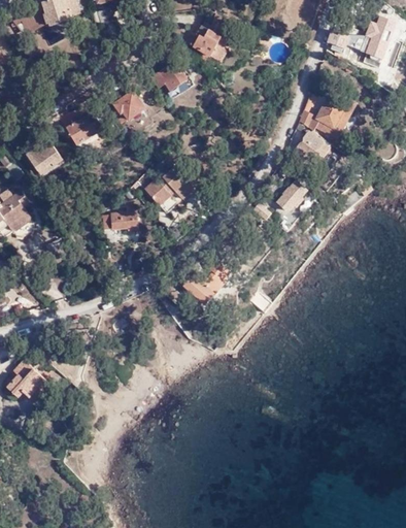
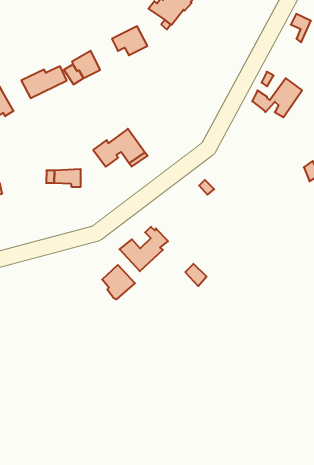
building: [296,131,329,165] -> none
building: [278,183,306,211] -> none
building: none -> [102,265,135,299]

